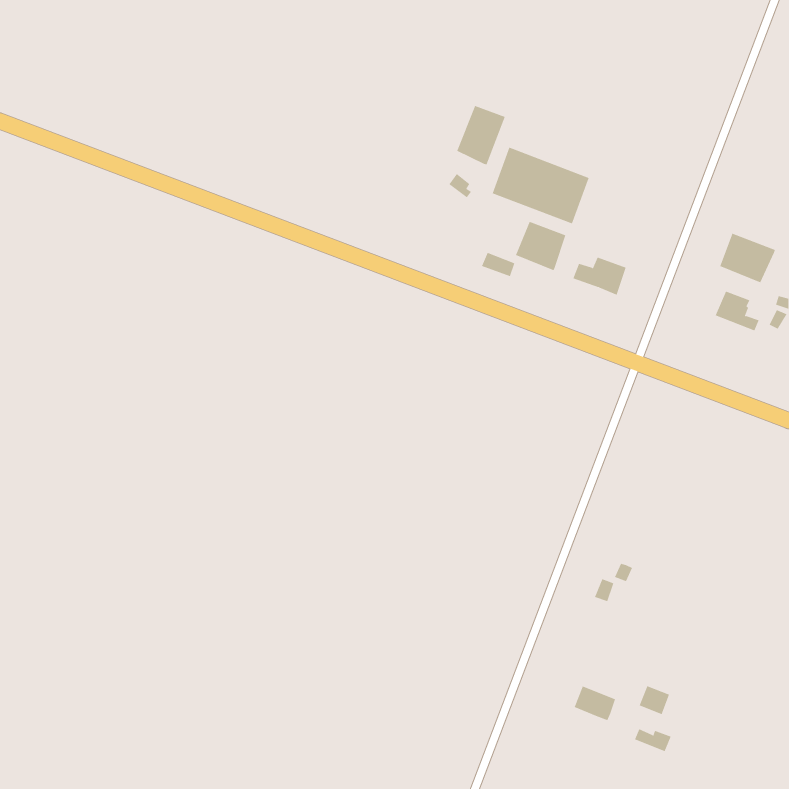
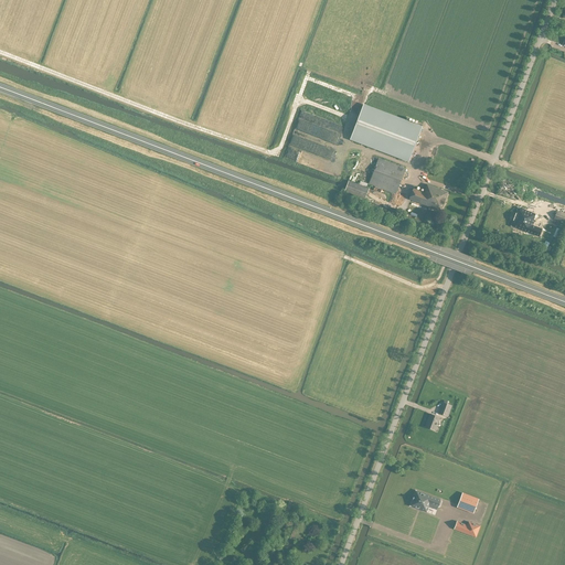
building: [456,105,505,165] -> none
building: [719,233,775,283] -> none

